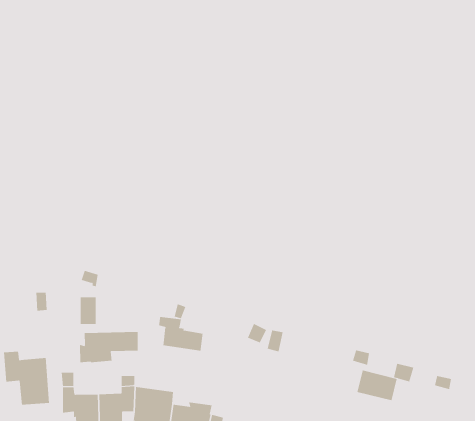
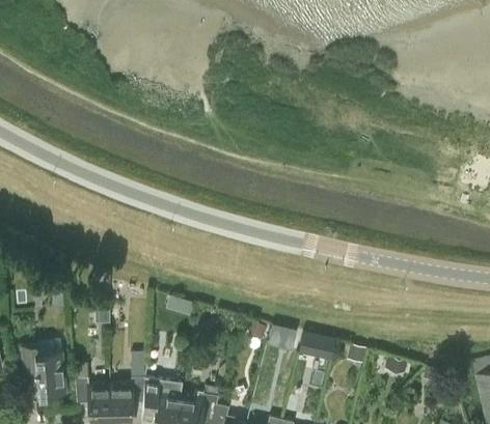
building: [159,316,203,351] -> none
building: [80,331,138,363] -> none
building: [357,370,398,401] -> [298,331,336,360]

